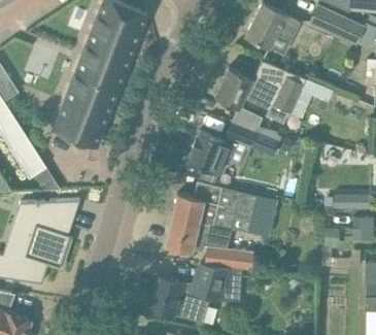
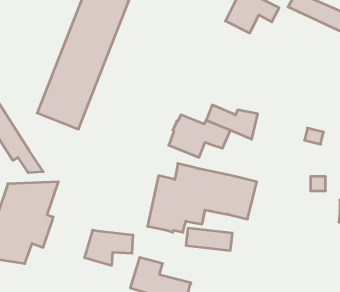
building: [215,61,311,119] -> none
building: [192,266,241,302] -> [84,230,133,265]

